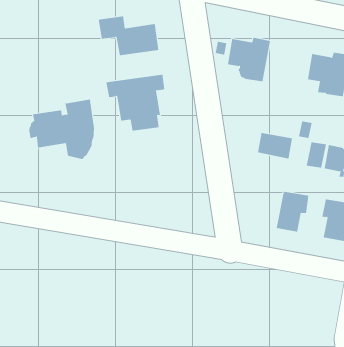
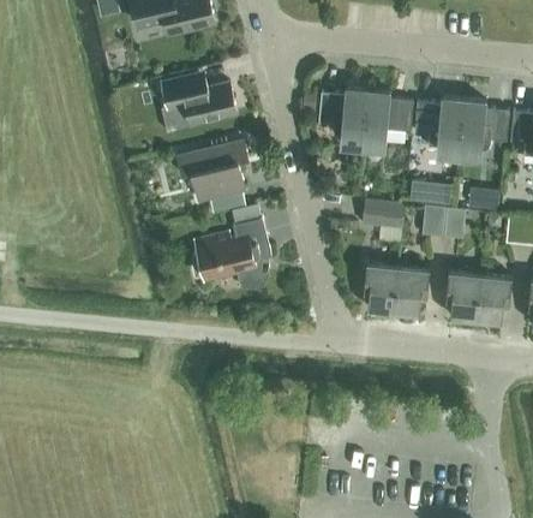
building: none -> [363,90,413,143]
building: [29,98,95,159] -> [192,216,270,290]
building: none -> [364,263,397,311]

